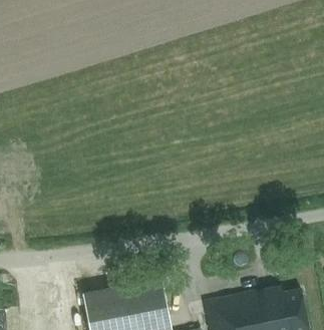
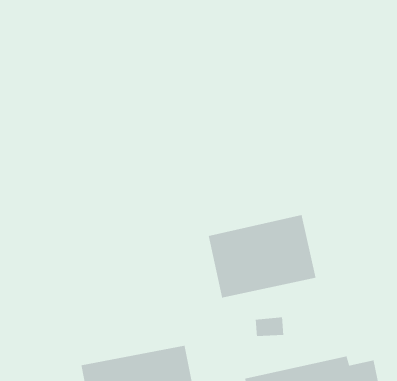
building: none -> [208,214,316,298]

